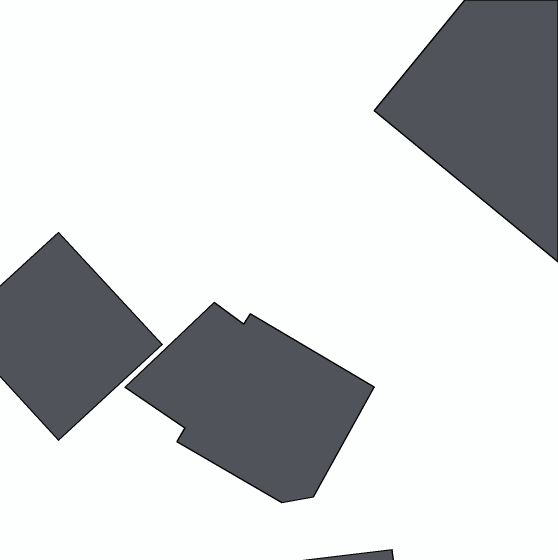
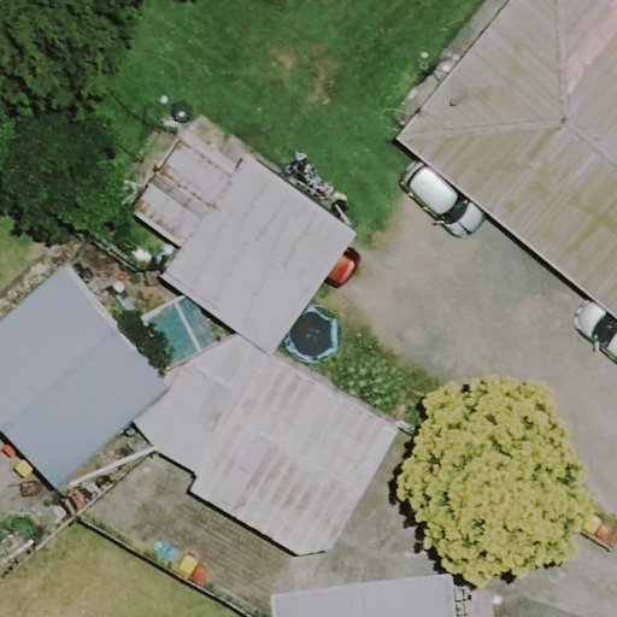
building: none -> [133,136,359,353]

